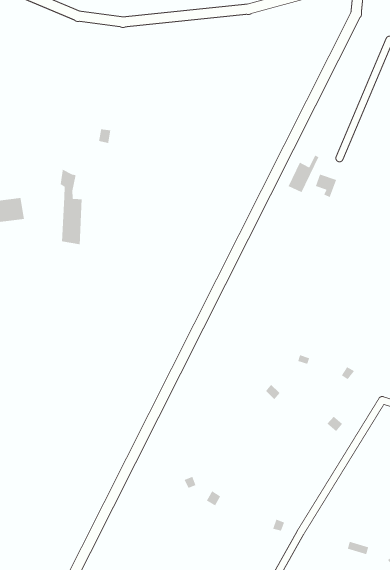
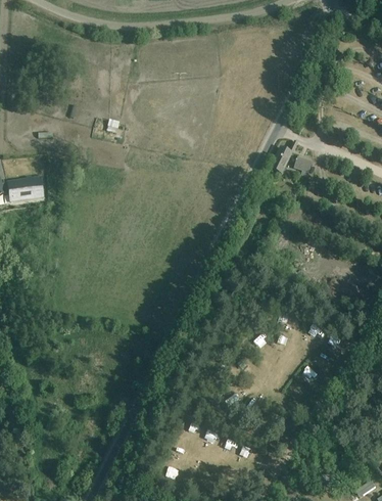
building: [60,169,83,245] -> none

